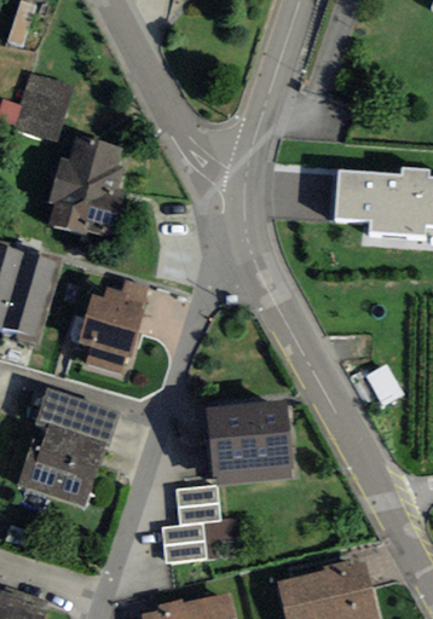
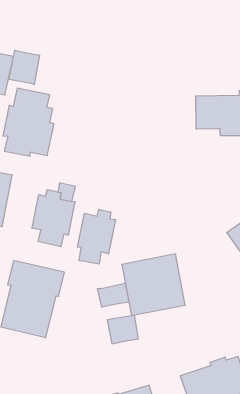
building: none -> [9,50,40,85]
building: none -> [78,209,116,264]
building: none -> [98,283,129,307]
building: [162,522,206,563] -> none

